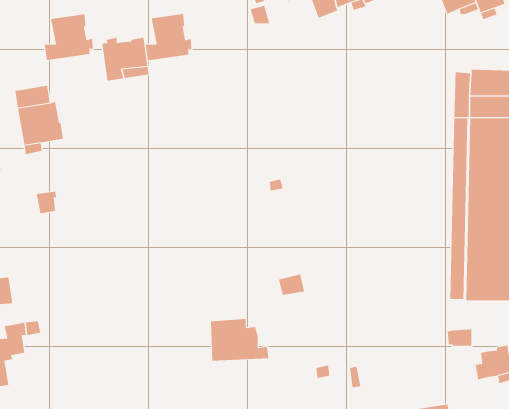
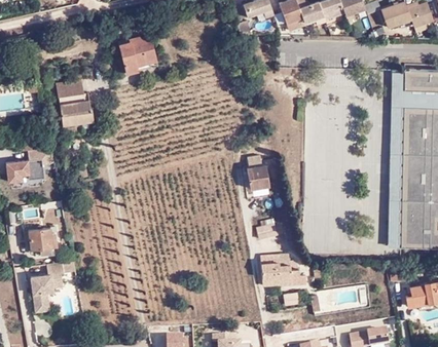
building: [145,13,192,61] -> none
building: [44,14,93,61] -> none
building: none -> [249,167,271,192]
building: [210,318,269,361] -> [262,255,307,287]

